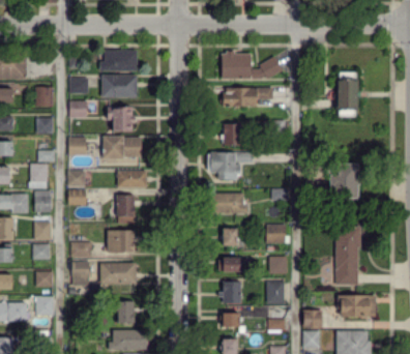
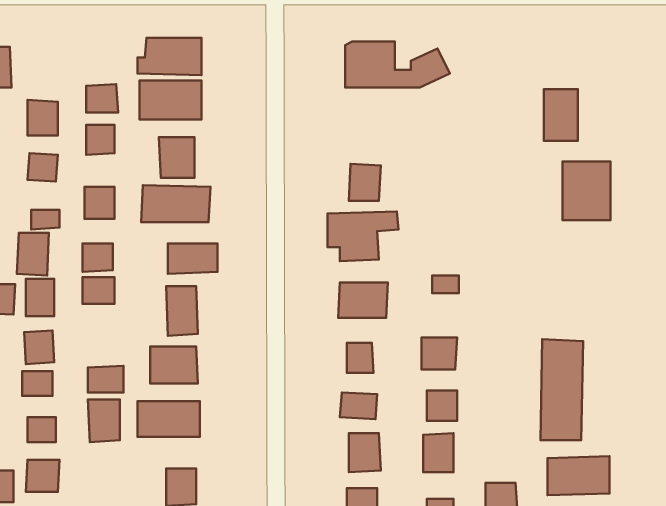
building: [223,87,272,107] -> none
building: [330,164,358,198] -> [563,162,610,220]

